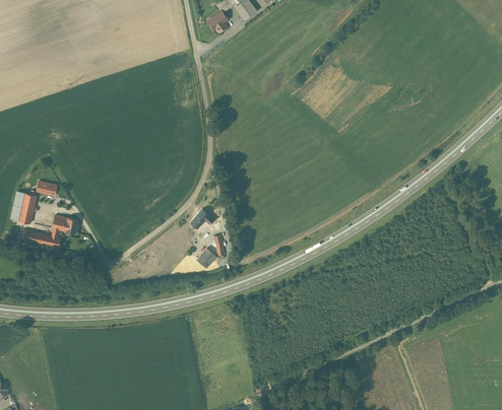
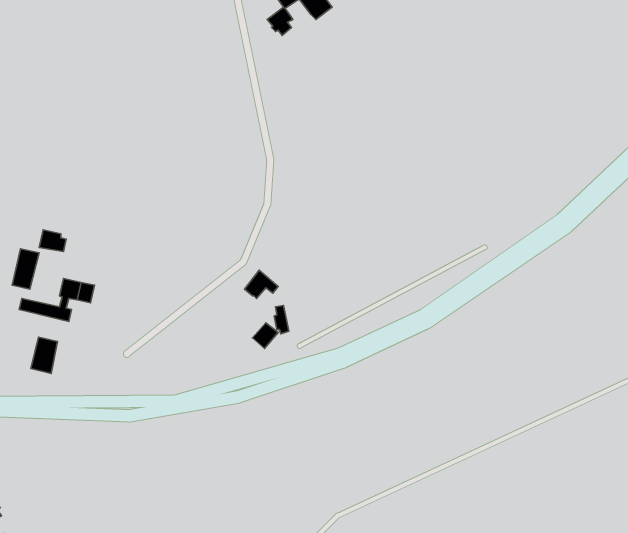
building: none -> [31,337,58,374]

